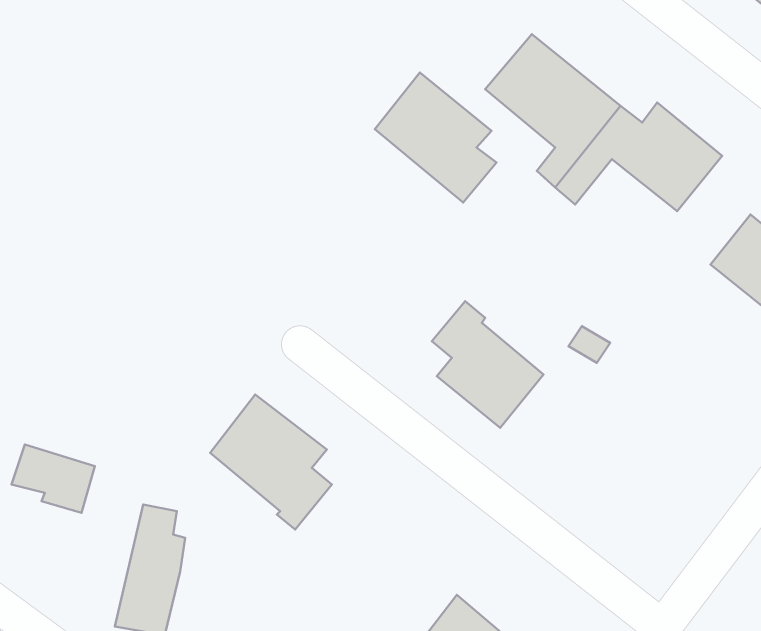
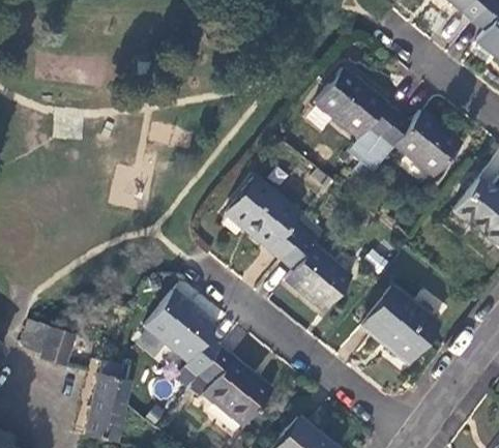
building: [375,72,496,203] -> [227,178,302,259]
building: none -> [362,290,436,362]
building: none -> [190,348,271,426]

